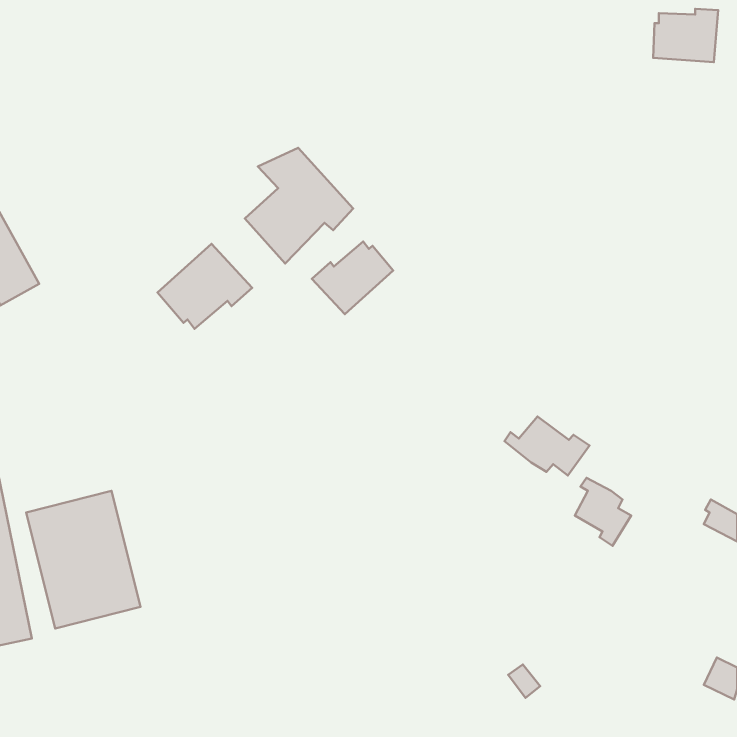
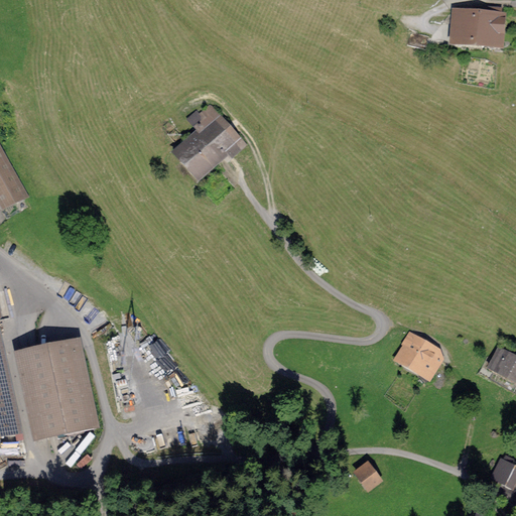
building: [312,241,393,314] -> none
building: [158,244,252,329] -> none
building: [505,417,589,475] -> none

